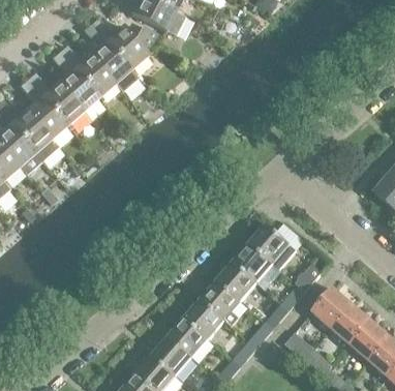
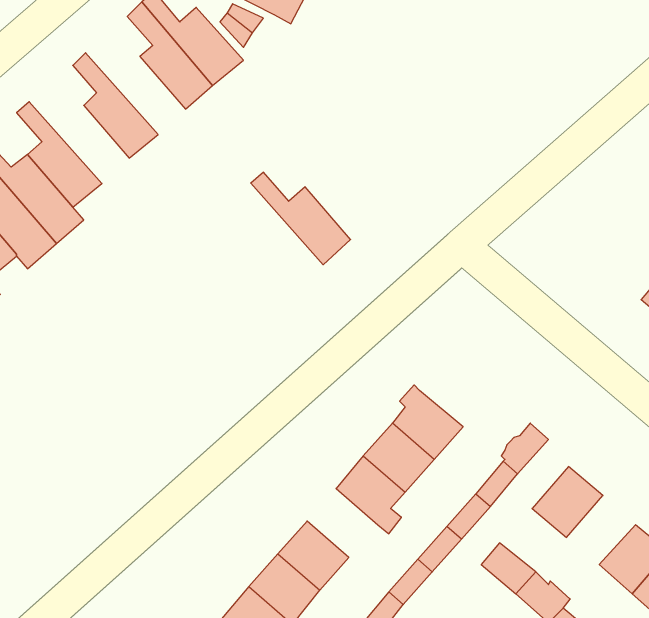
building: [58,46,115,98] -> [251,172,351,265]
building: [26,73,83,126] -> none
building: [248,224,295,270] -> none
building: [184,300,224,339] -> none
building: [332,304,371,343] -> none

